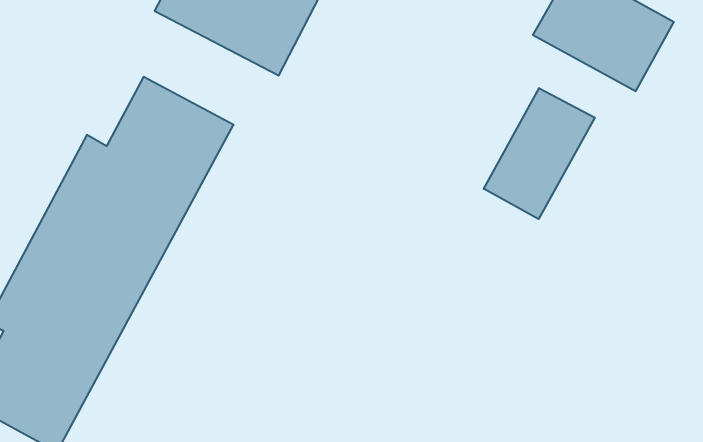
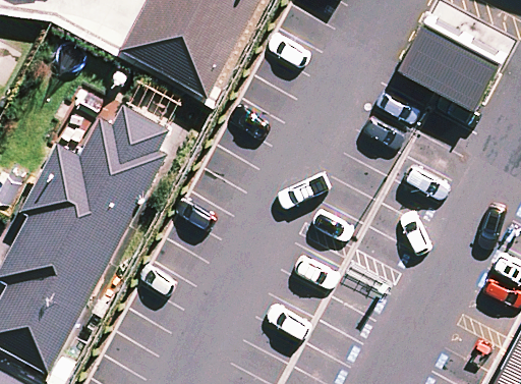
building: [484,88,595,219] -> none

